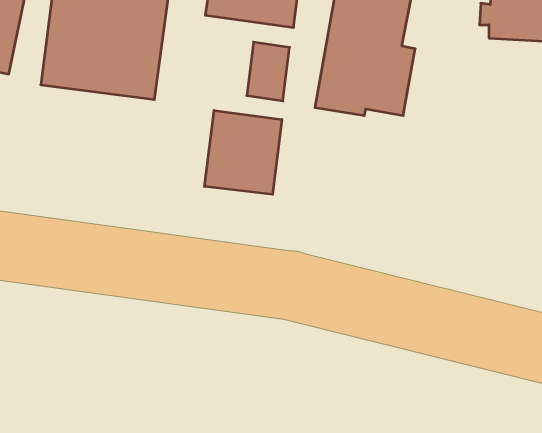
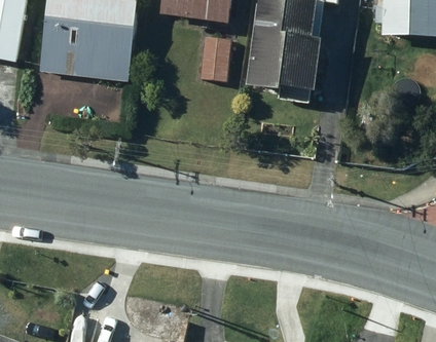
building: [205,110,282,194] -> none

